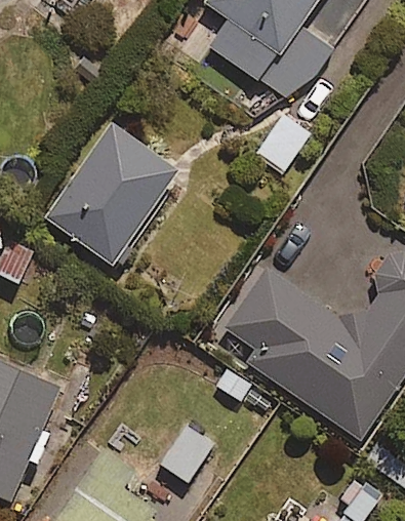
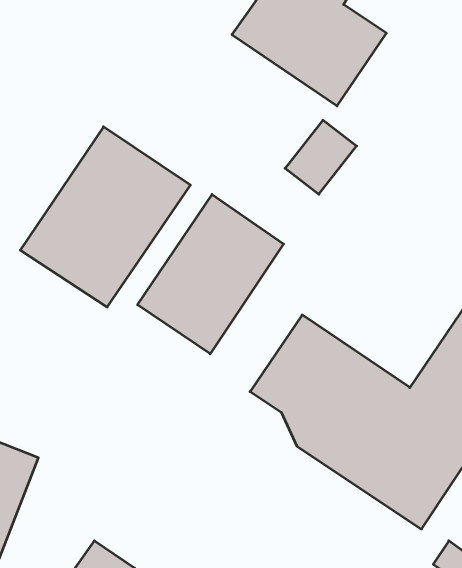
building: none -> [138,194,284,354]

